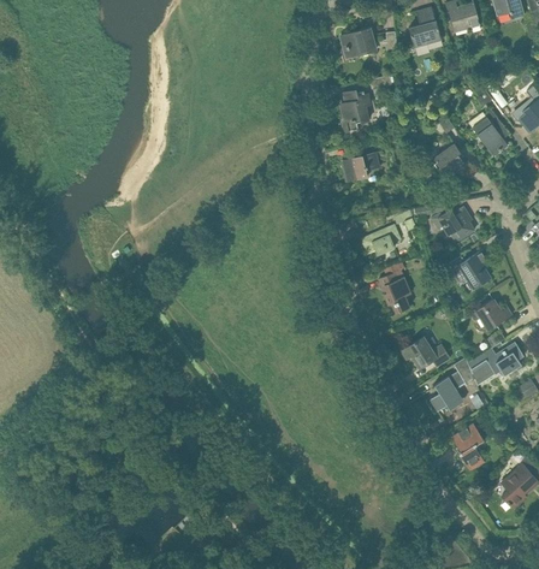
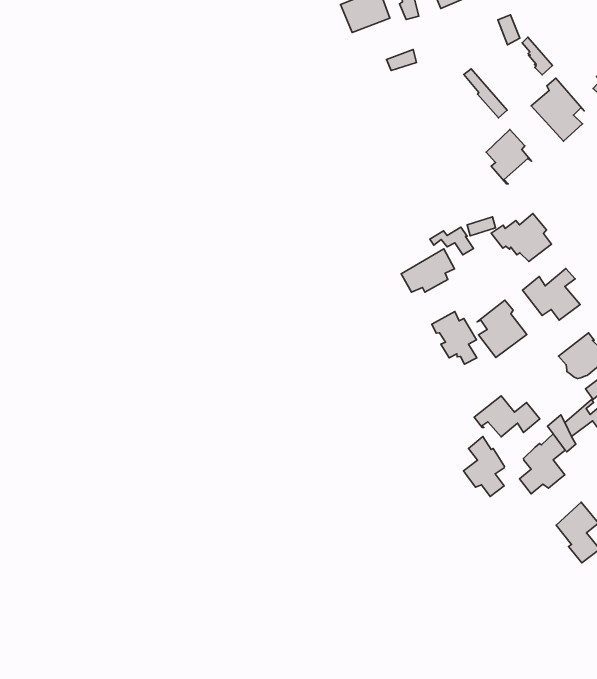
building: [340,89,369,130] -> none
building: [343,152,378,180] -> none
building: none -> [477,300,527,358]
building: none -> [464,436,505,496]

